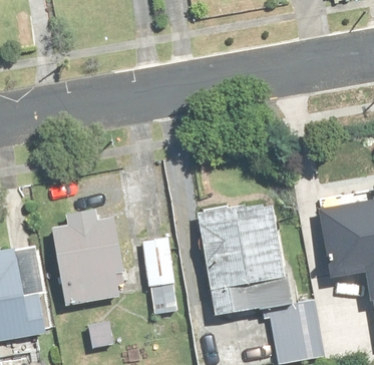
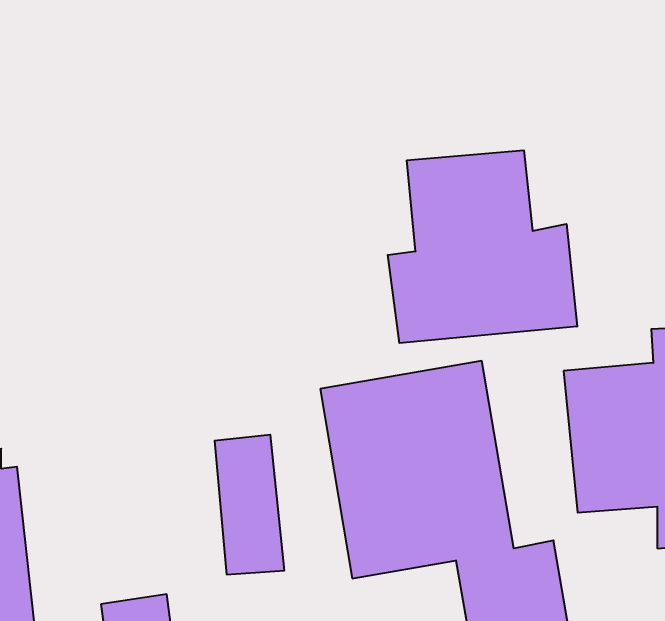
building: none -> [388,150,577,343]
building: [45,215,117,303] -> none

